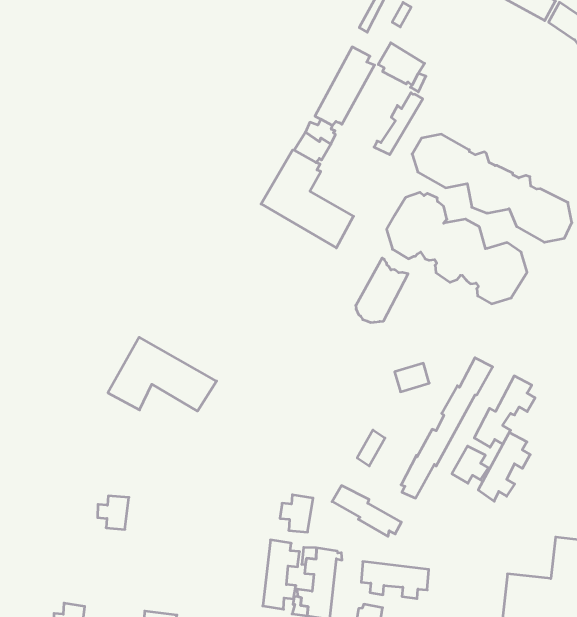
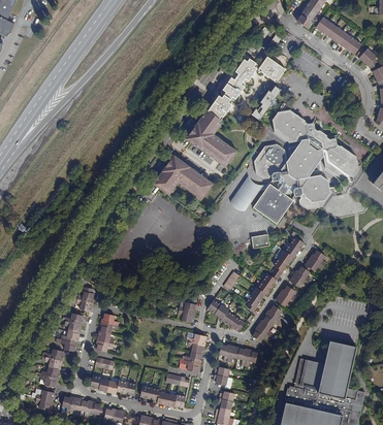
building: none -> [286,139,323,176]
building: none -> [254,188,289,223]
building: [108,337,217,411] -> [153,155,214,199]
building: [478,433,530,501] -> [252,304,283,341]
building: none -> [56,313,84,351]
building: [263,540,300,609] -> [95,313,119,352]

